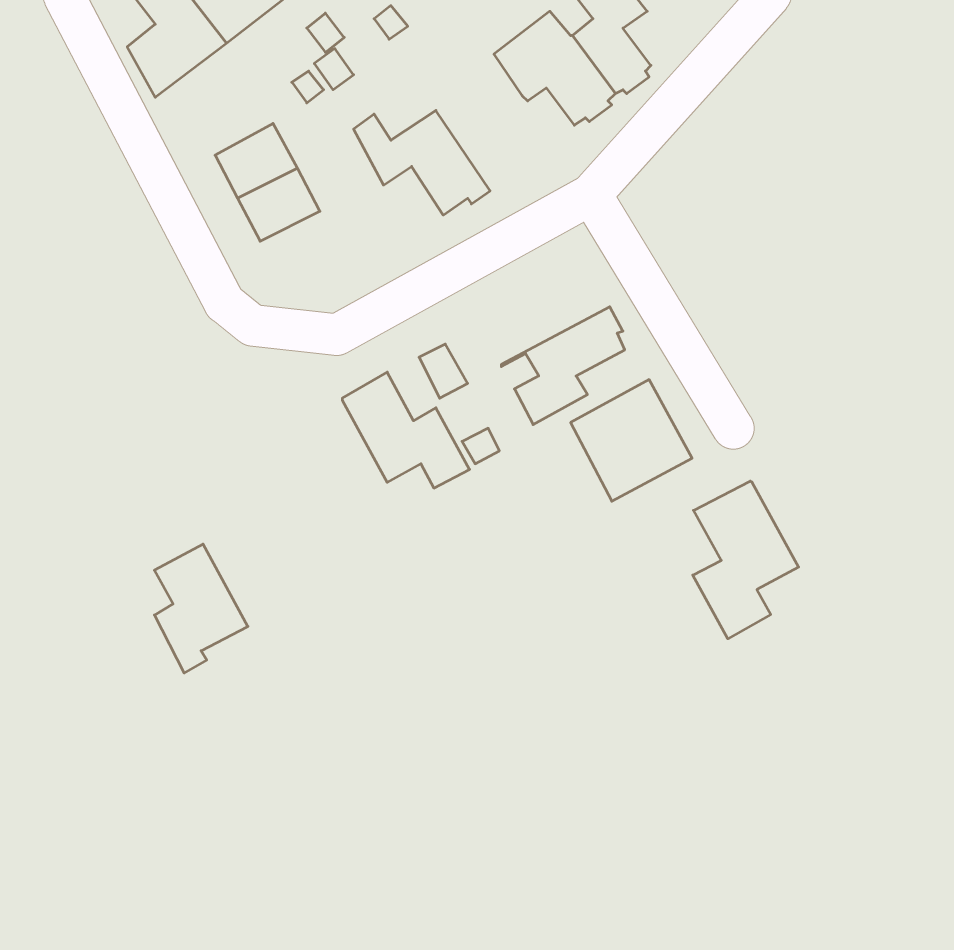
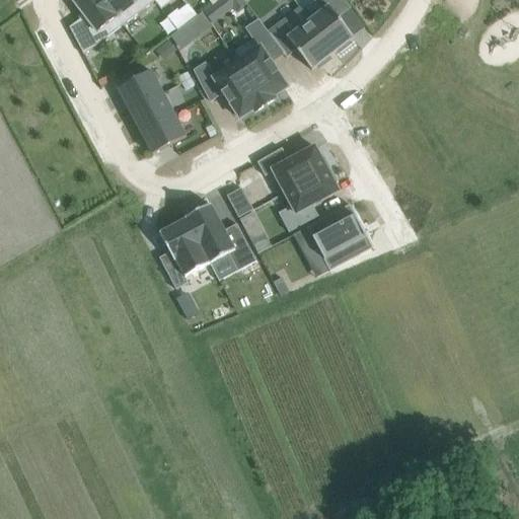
building: none -> [236,18,287,103]
building: none -> [141,115,187,155]
building: none -> [257,145,330,198]
building: [693,481,799,639] -> none
building: [154,544,248,673] -> [159,217,210,287]

